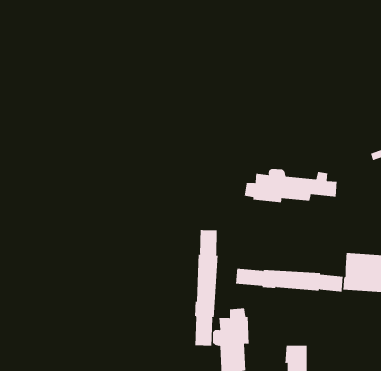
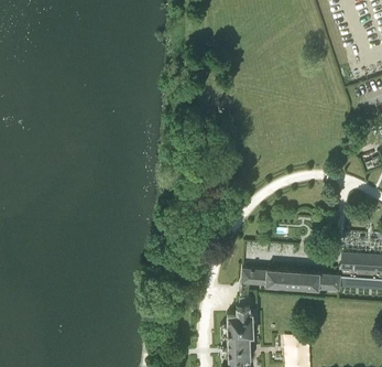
building: [244,168,337,203] -> none
building: [194,229,218,347] -> none

